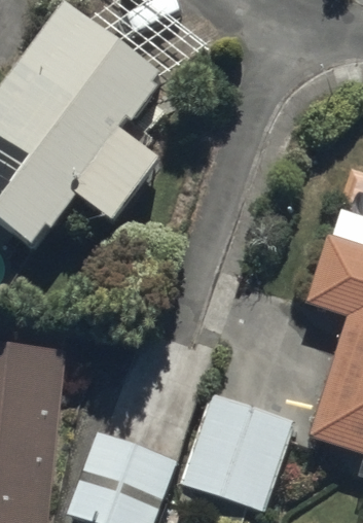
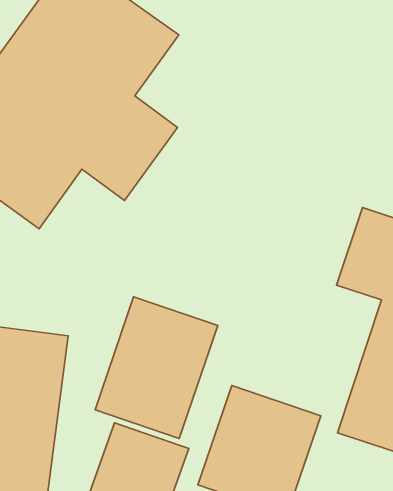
building: none -> [95,297,218,438]

